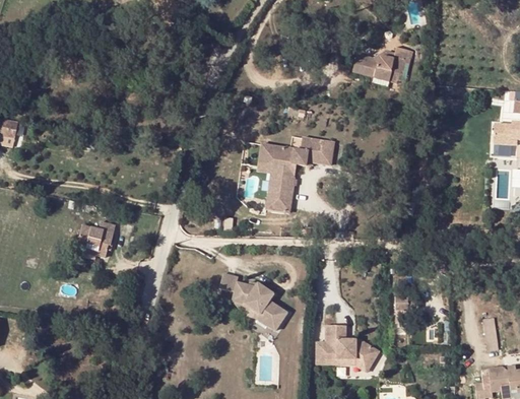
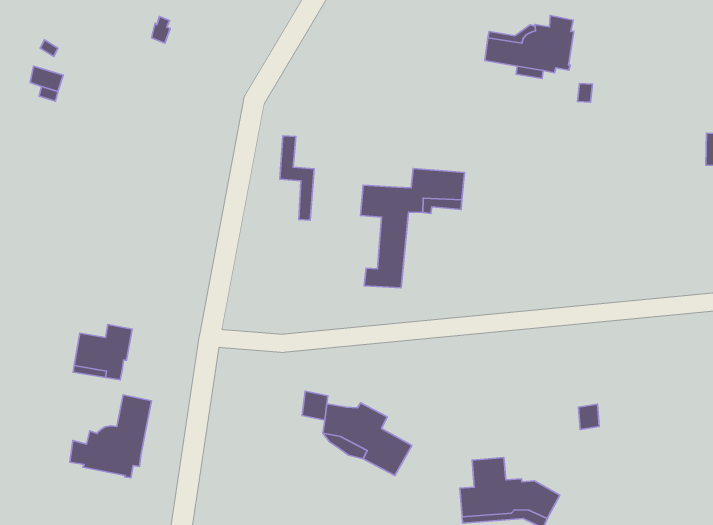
building: [258,143,280,198] -> [280,136,314,220]
building: none -> [70,395,151,478]

